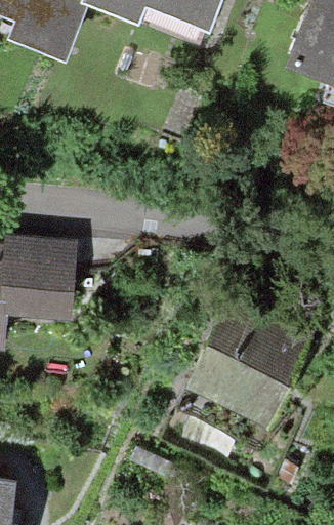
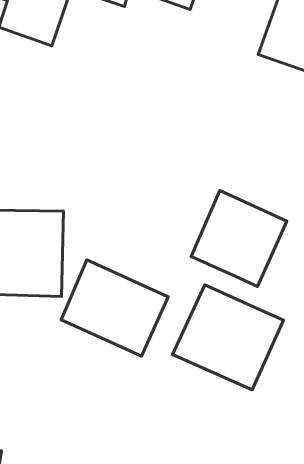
building: none -> [191,191,287,286]
building: none -> [61,260,168,356]

